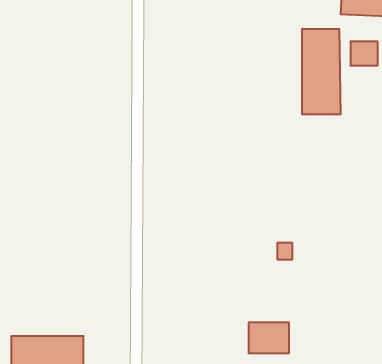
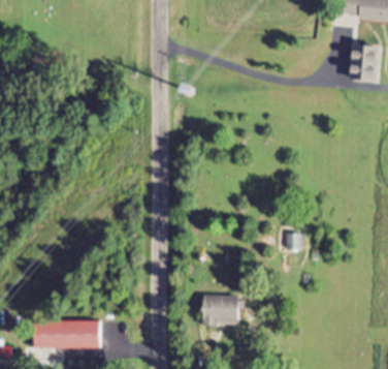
building: [302,29,340,114] -> none
building: [249,323,289,353] -> [205,296,244,325]

